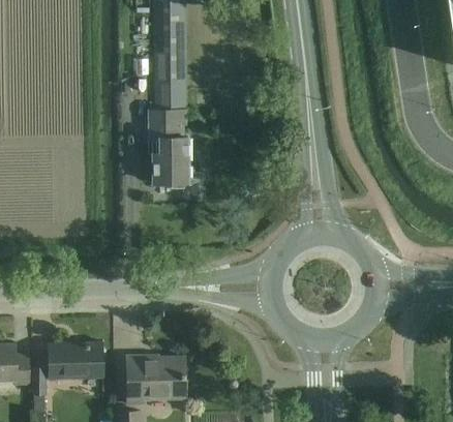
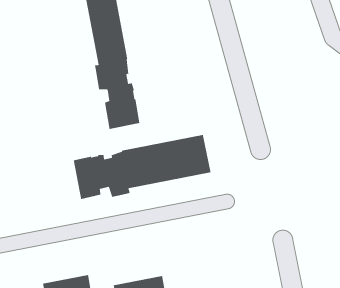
building: none -> [73,134,211,200]

